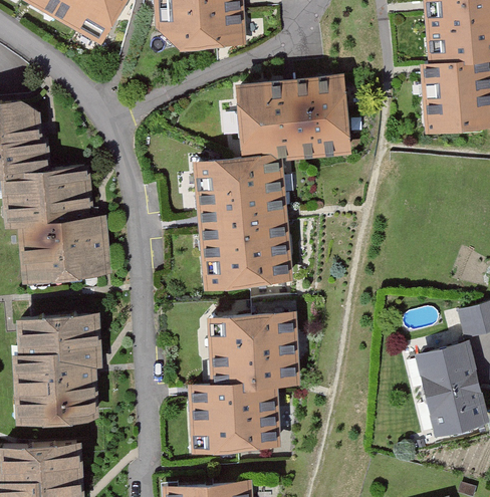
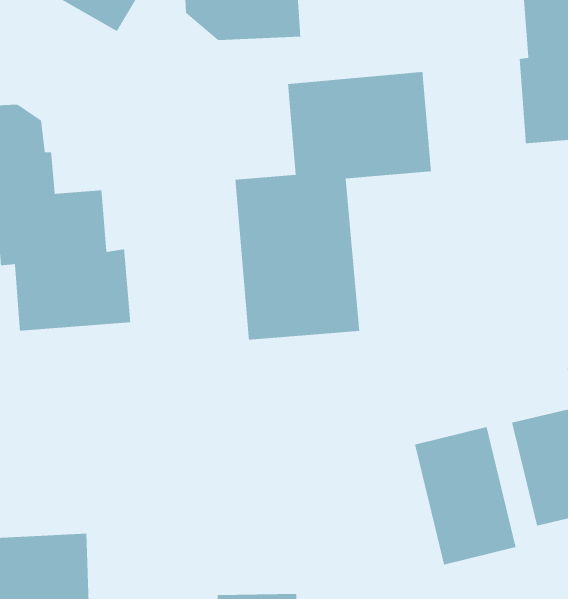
building: [12,311,102,422] -> none
building: [197,317,296,457] -> none
building: none -> [414,426,516,565]

